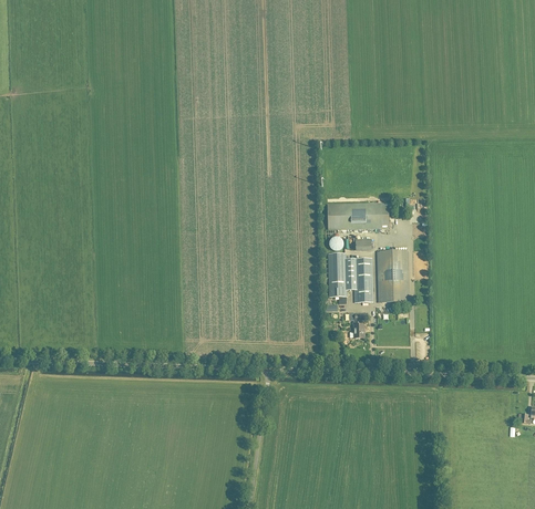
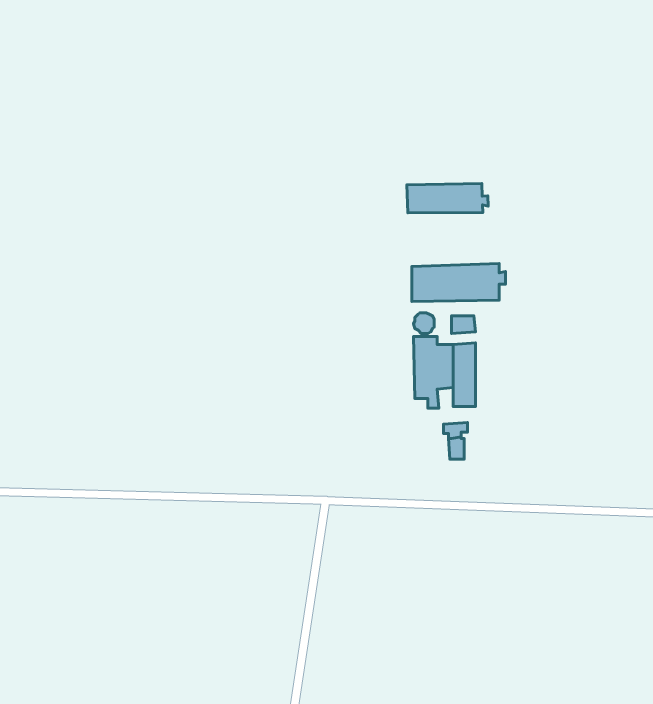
building: none -> [407,183,488,213]
building: [378,250,410,301] -> none

